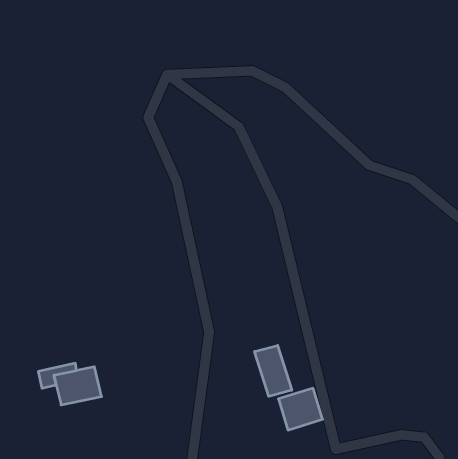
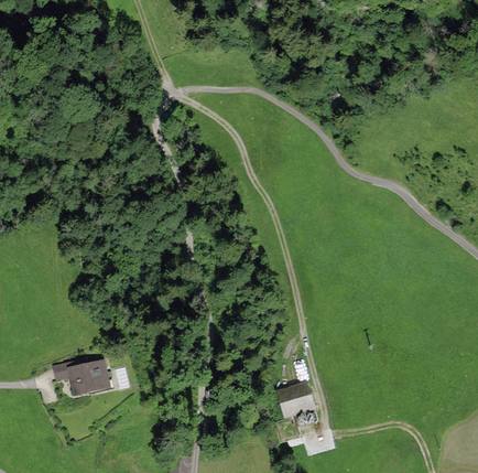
building: [255,345,292,396] -> none

